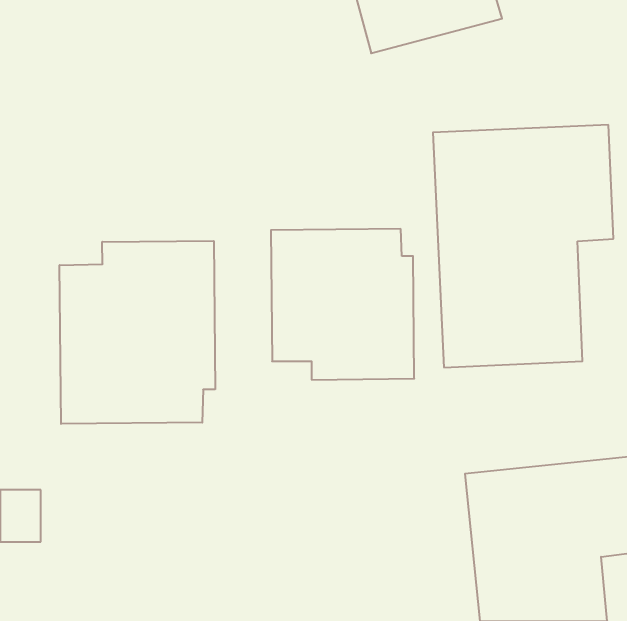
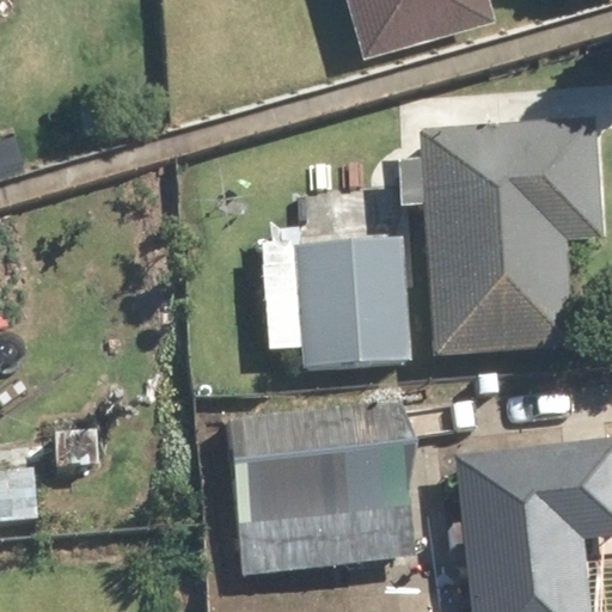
building: [60,241,215,424] -> none
building: none -> [239,409,410,567]

